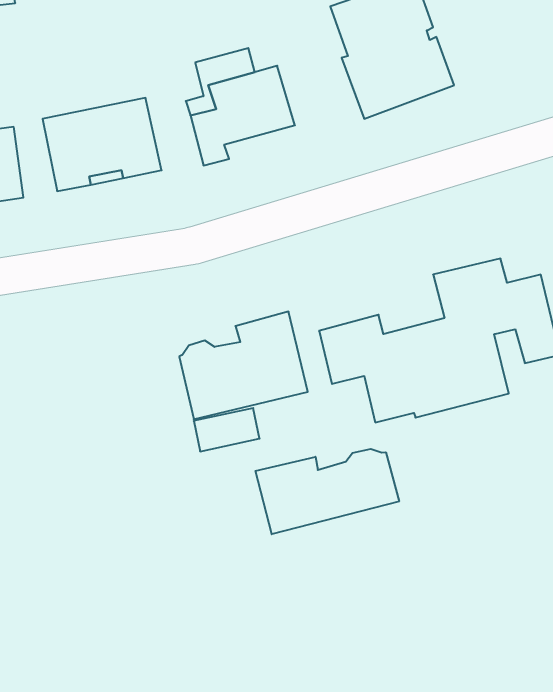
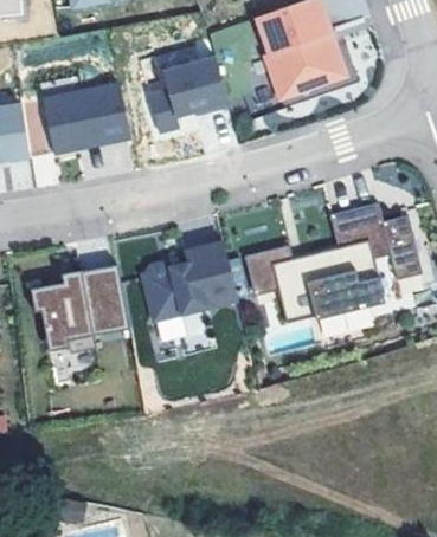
building: none -> [31,265,129,351]
building: [255,449,399,534] -> none

